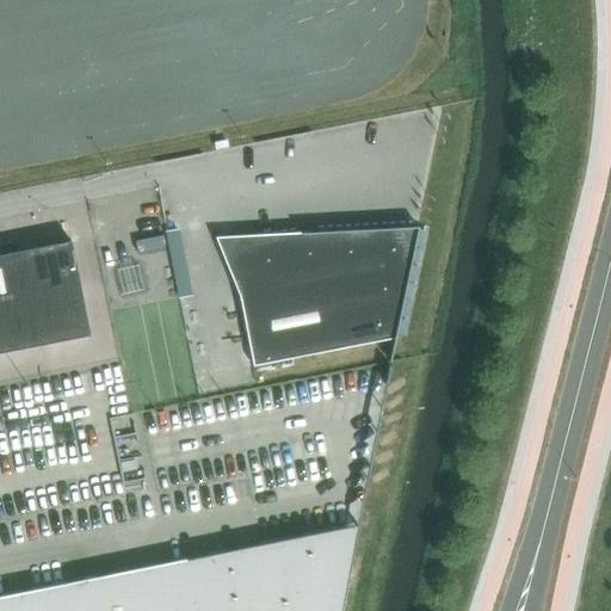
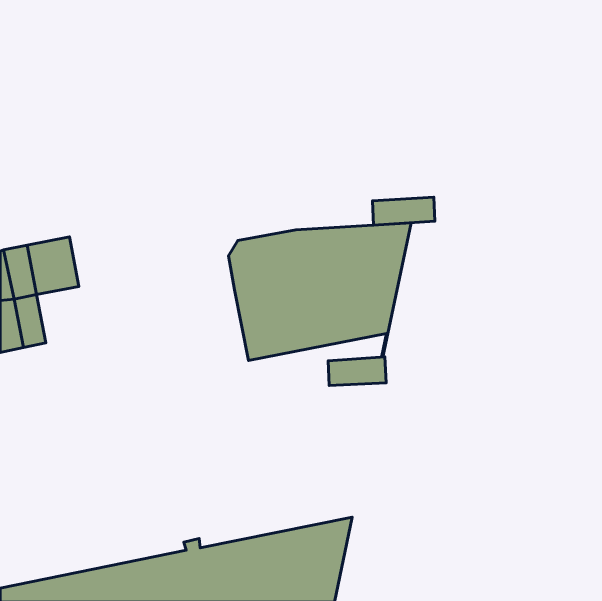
building: none -> [373,197,435,225]
building: [37,291,90,348] -> none
building: none -> [328,357,386,386]

